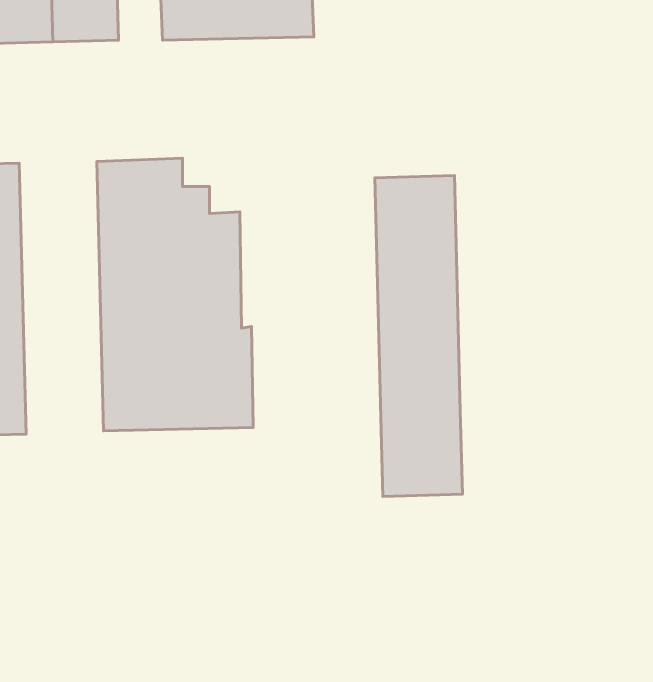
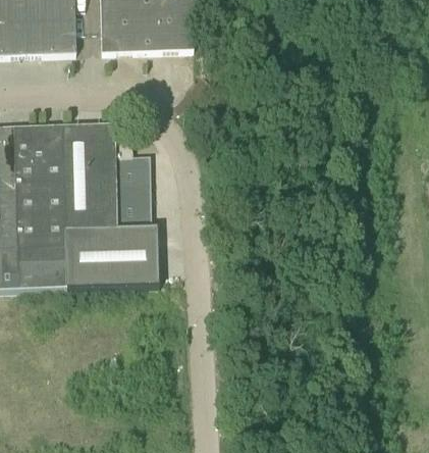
building: none -> [15,124,66,290]
building: [375,176,462,496] -> none

